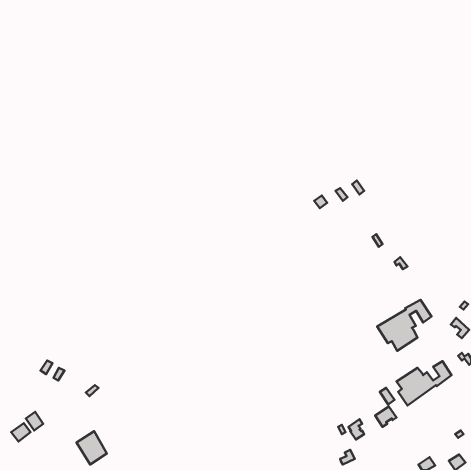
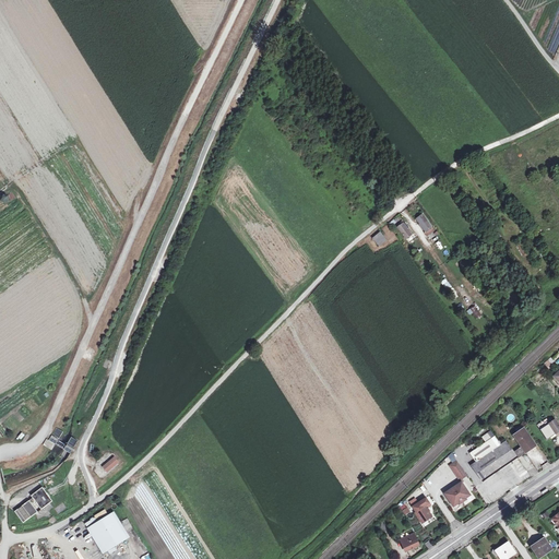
building: [377,300,431,351] -> none

